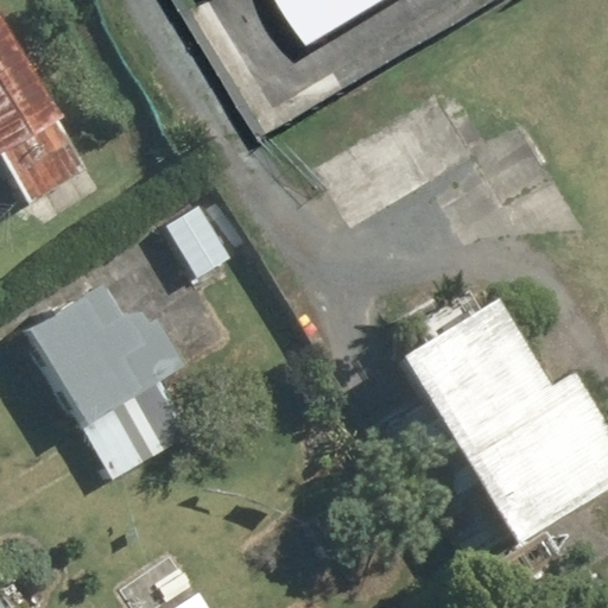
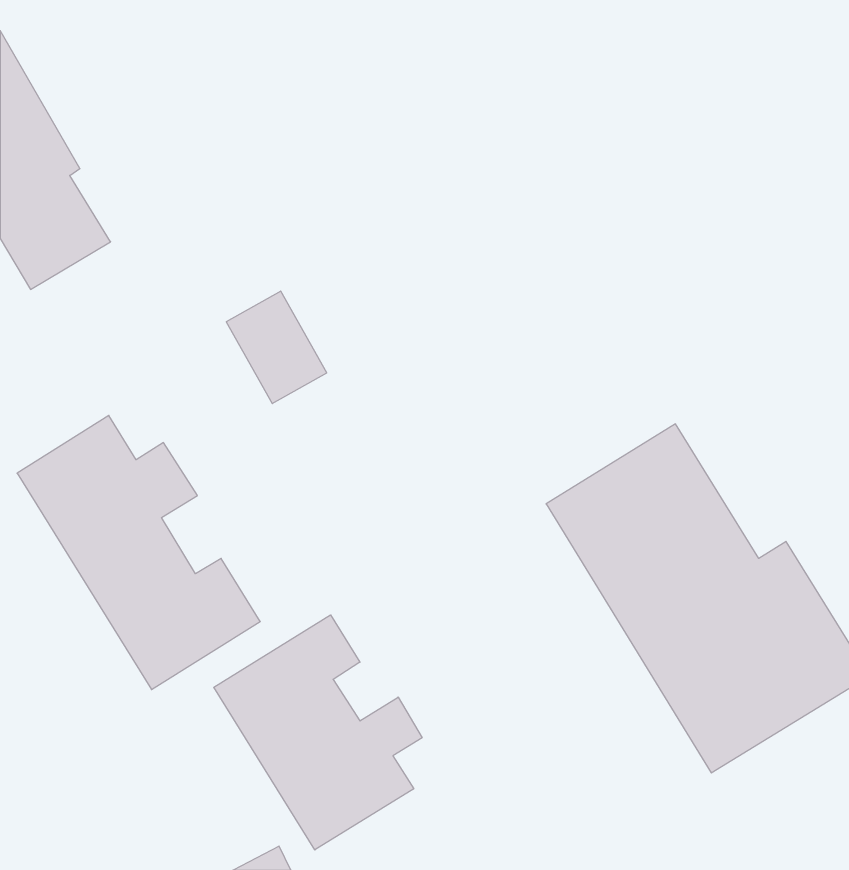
building: none -> [214,615,422,850]

